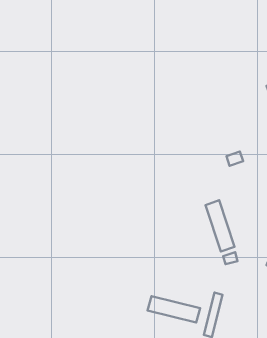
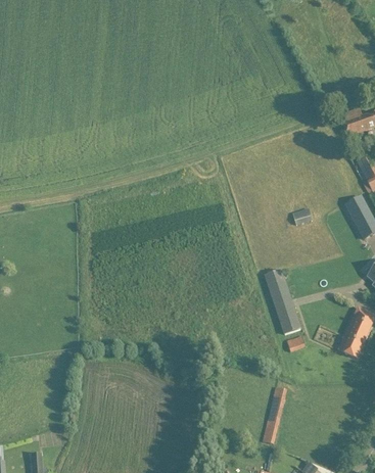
building: [148,296,200,323] -> none

